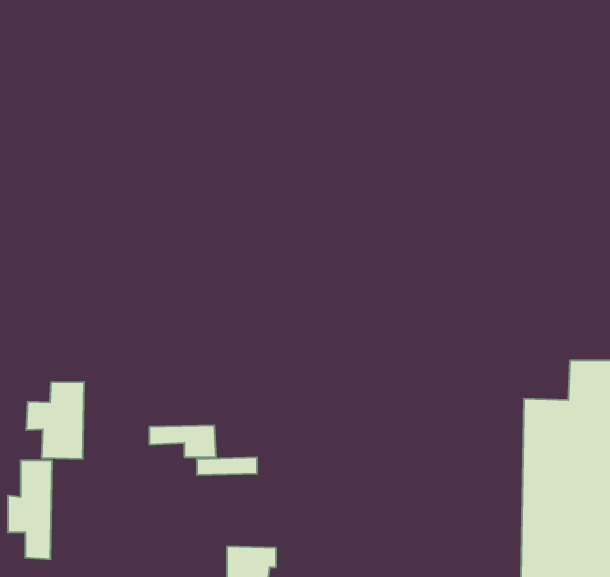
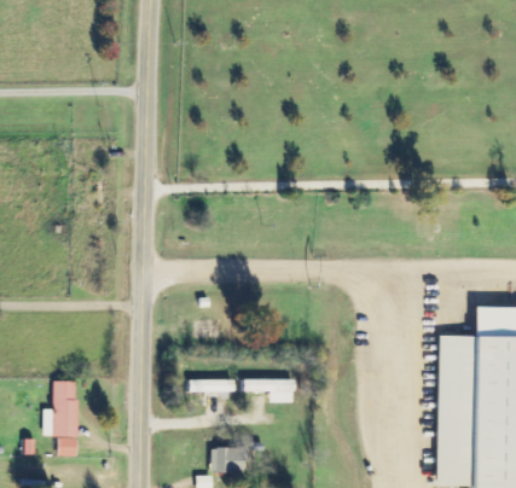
building: [26,382,84,459] -> none
building: [149,425,216,457] -> [244,378,295,402]

